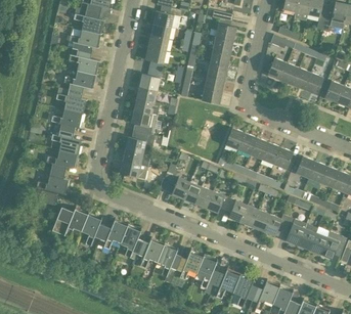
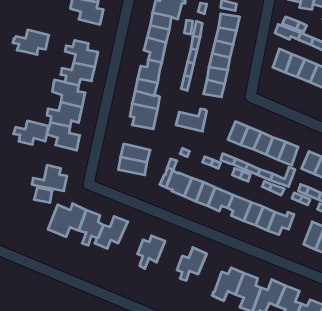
building: [68,29,102,52] -> [13,30,49,55]
building: [125,133,155,154] -> [176,109,207,131]
building: [46,149,80,172] -> [13,121,49,144]
building: [283,216,306,244] -> none
building: [120,223,143,265] -> none
building: [157,241,181,282] -> none
building: [196,254,219,290] -> none

